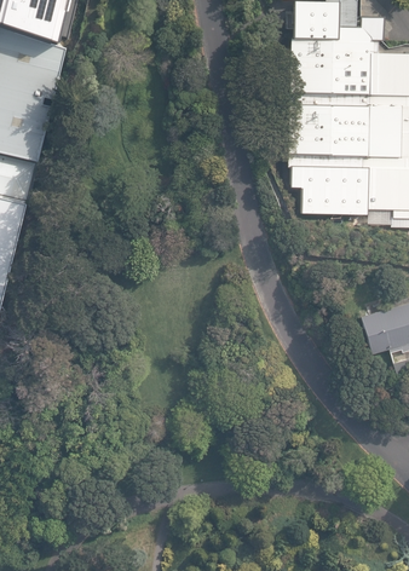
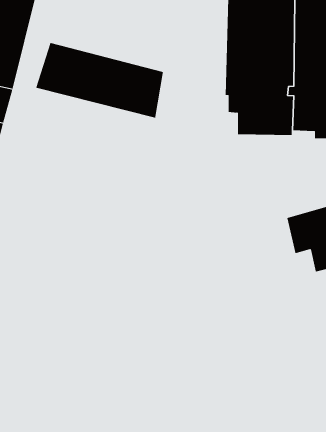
building: none -> [36,42,164,119]

